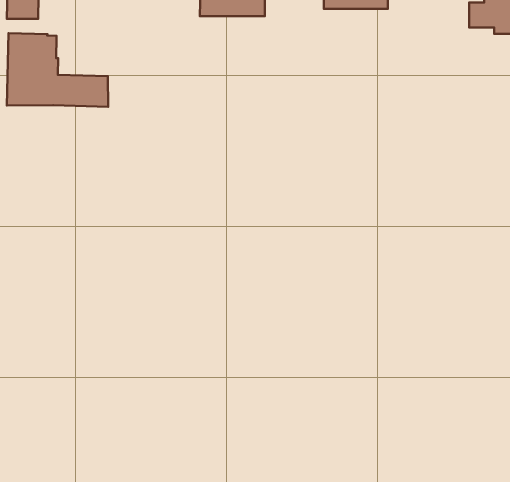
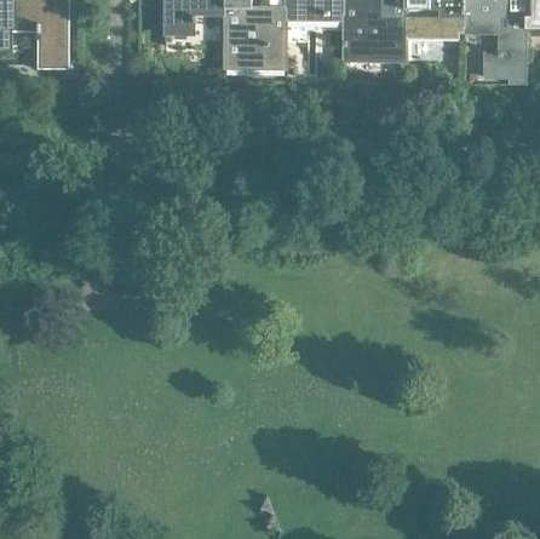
building: [7,33,108,107] -> none

